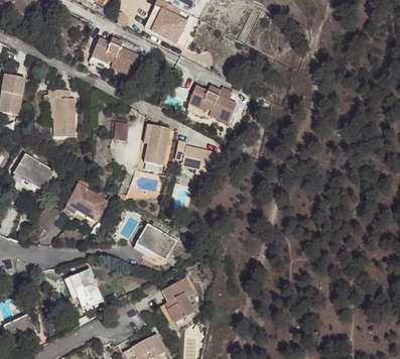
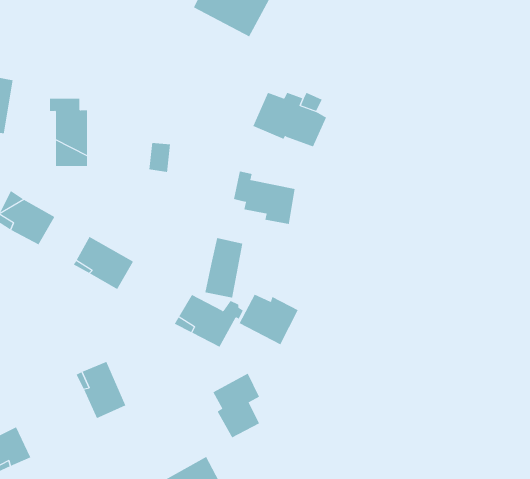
building: [89,36,138,75] -> none
building: [143,124,169,165] -> [205,237,243,298]
building: none -> [239,294,299,345]

